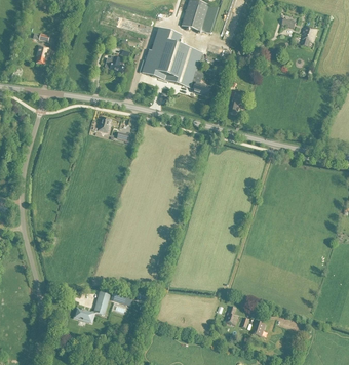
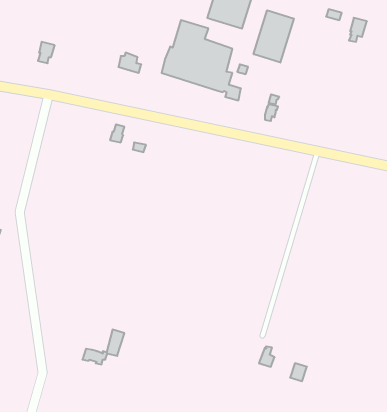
building: none -> [254,10,294,63]

